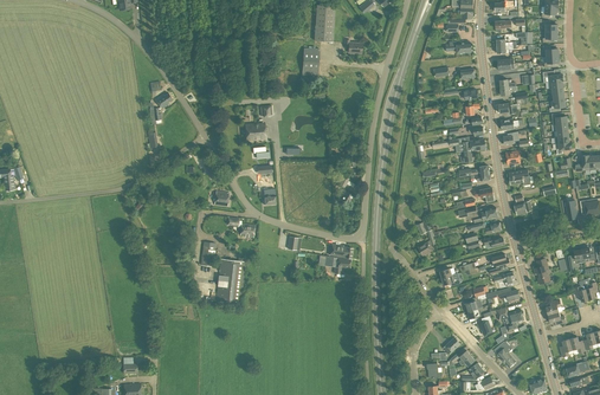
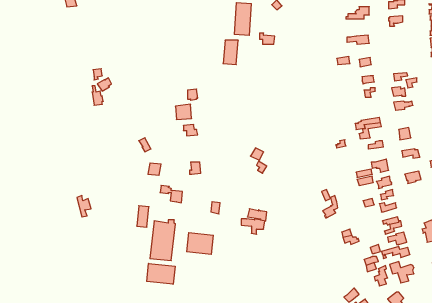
building: none -> [187,233,213,254]
building: none -> [147,263,175,284]

